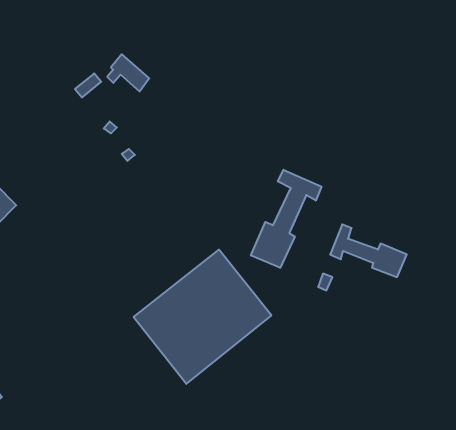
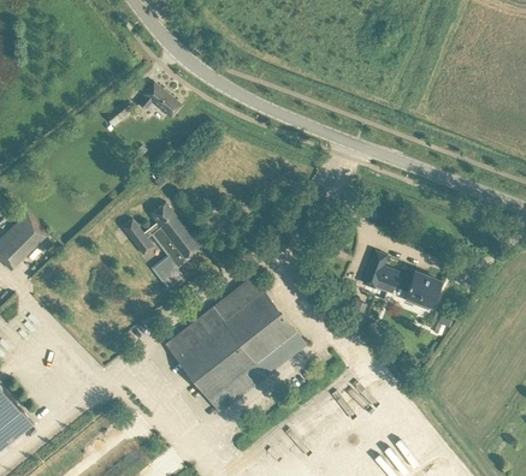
building: [251,170,321,268] -> none
building: none -> [122,203,202,291]

